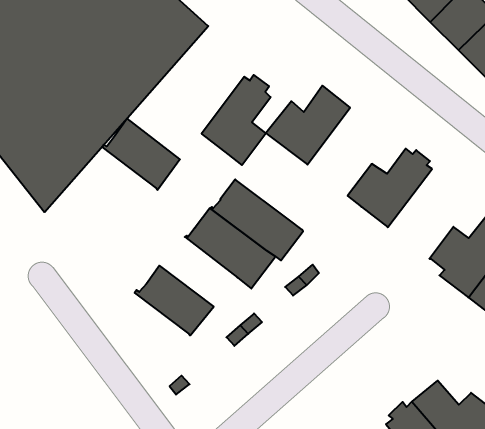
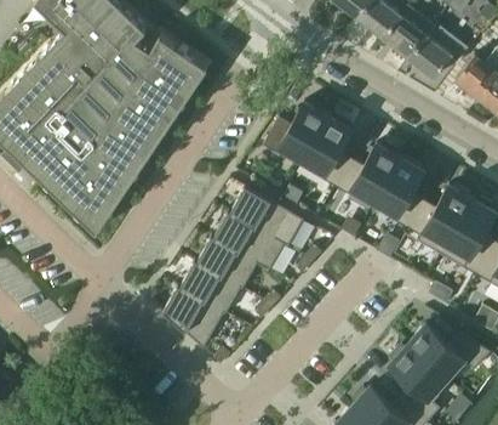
building: [202,75,271,165] -> [300,114,351,187]
building: [102,119,180,190] -> [194,237,257,290]
building: none -> [371,157,424,228]
building: none -> [162,287,224,348]

